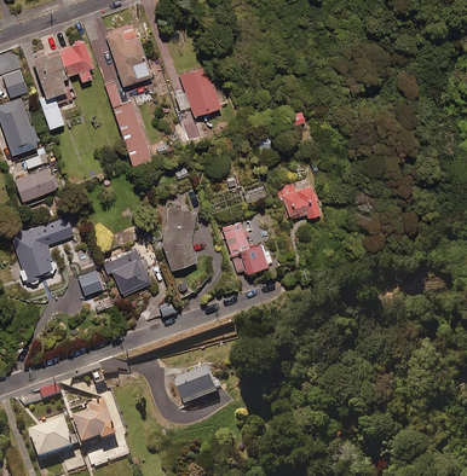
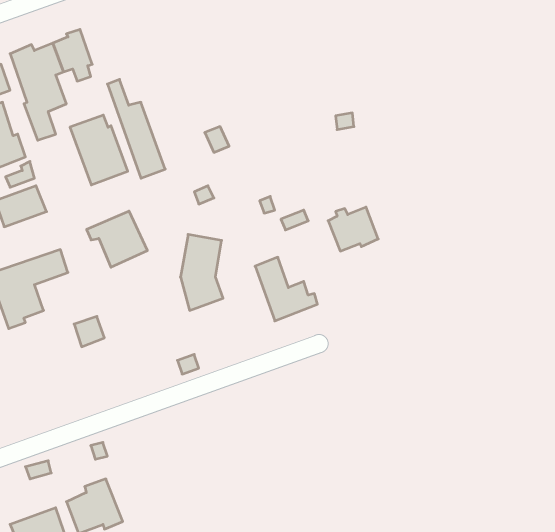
building: [106,30,152,86] -> [70,115,128,185]
building: [179,63,221,114] -> none
building: [103,250,151,295] -> [87,211,147,267]
building: [175,367,219,406] -> none

